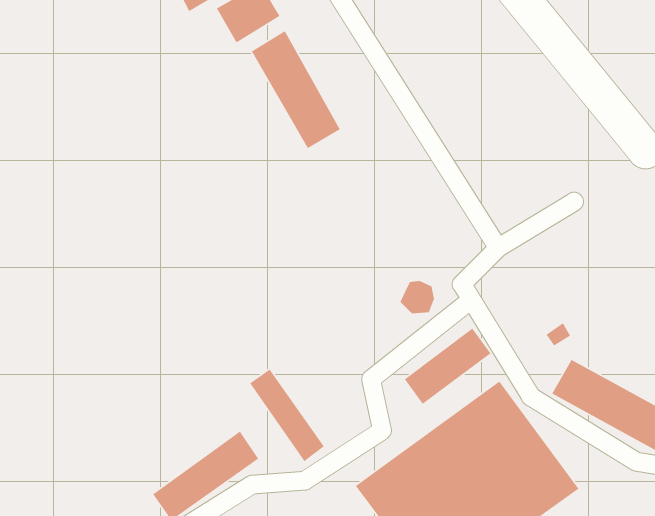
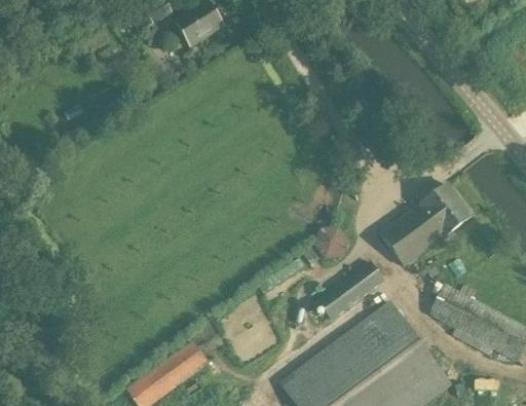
building: [251,30,341,149] -> none
building: none -> [380,184,473,266]
building: [249,368,325,462] -> none

